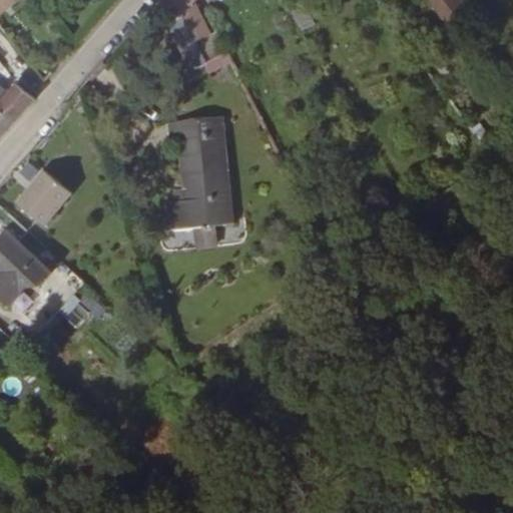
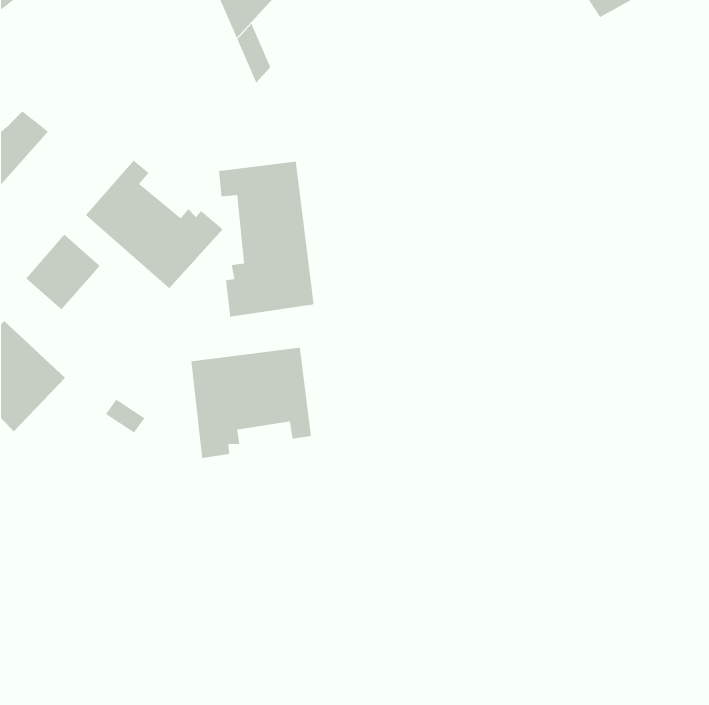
building: none -> [85,159,224,289]
building: none -> [190,347,312,459]

